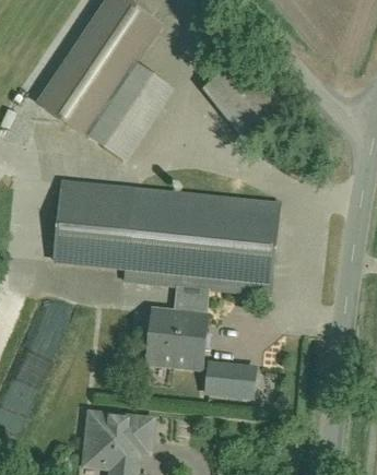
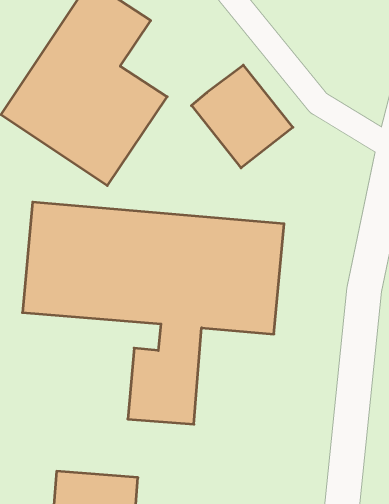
building: [205,359,257,399] -> none

